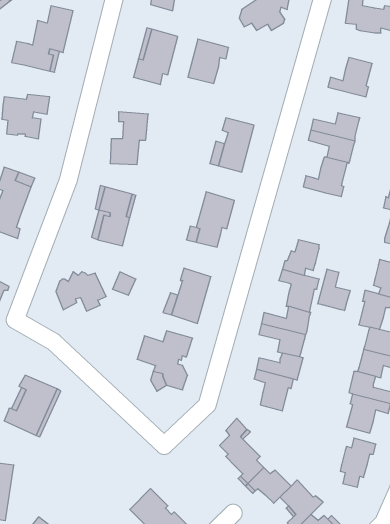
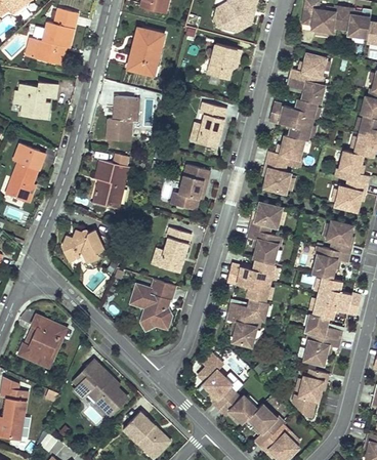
building: [188,39,229,83] -> [207,43,241,80]
building: none -> [285,77,322,103]
building: none -> [265,160,291,194]
building: [318,269,350,311] -> none
building: none -> [73,364,127,417]

